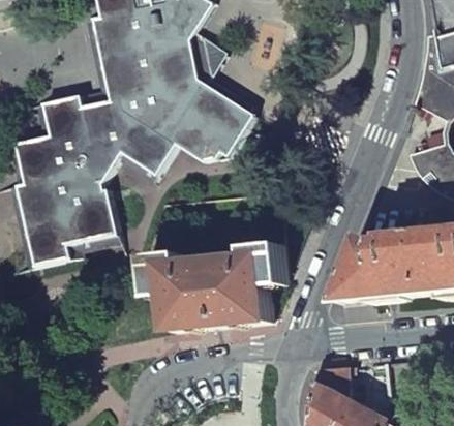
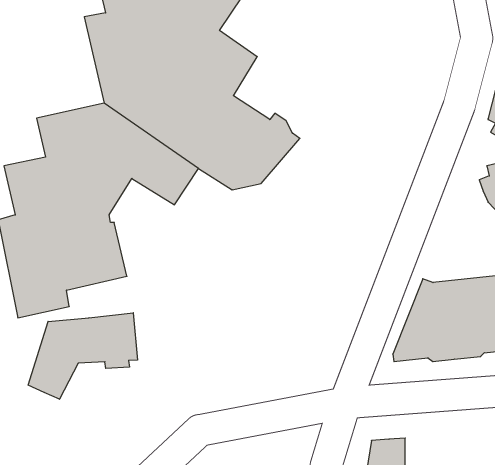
building: [148,243,286,332] -> none
building: none -> [28,313,137,399]

